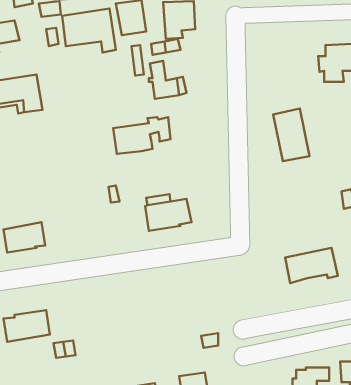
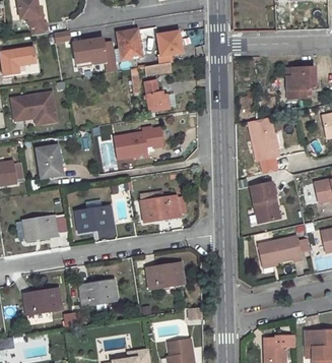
building: none -> [37,144,62,177]
building: none -> [250,184,277,225]
building: none -> [76,199,114,232]
building: none -> [146,262,185,289]
building: none -> [79,280,118,305]

